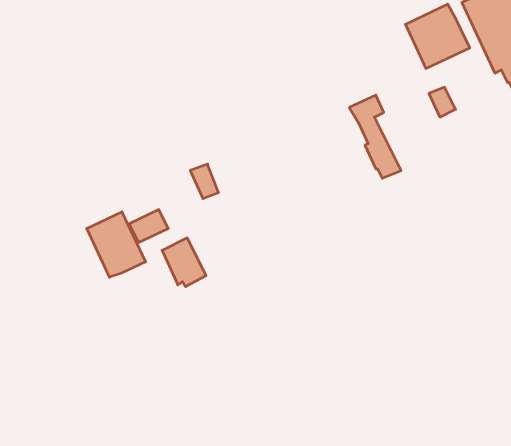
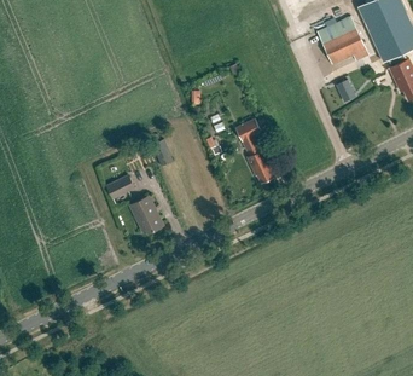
building: [349,95,401,178] -> [234,118,274,183]
building: [87,212,146,277] -> none

